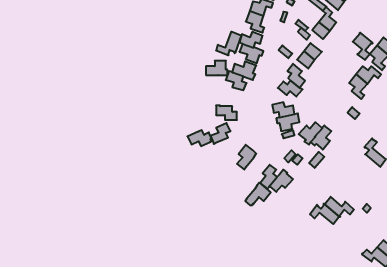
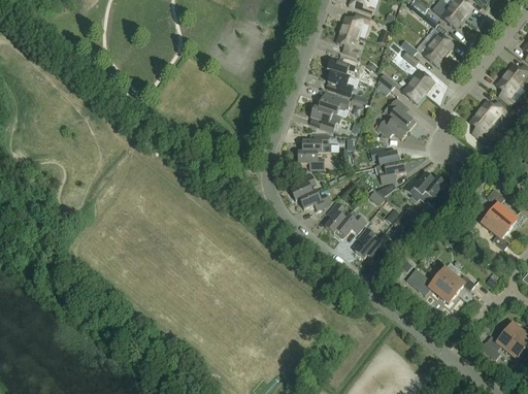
building: [216,32,242,55] -> none
building: [353,33,372,60] -> none
building: [206,61,227,75] -> [302,133,330,152]
building: [187,130,211,146] -> [298,190,329,210]
building: none -> [482,214,508,251]
building: [245,183,271,205] -> [333,209,366,238]

